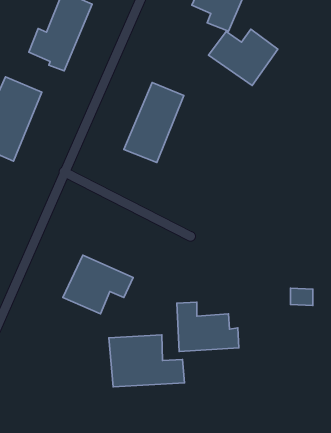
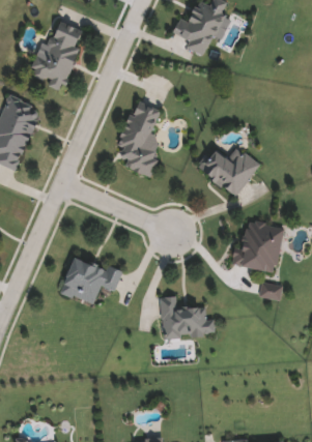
building: [209,29,278,86] -> [199,146,260,196]
building: none -> [234,219,284,272]
building: [109,335,184,387] -> none

